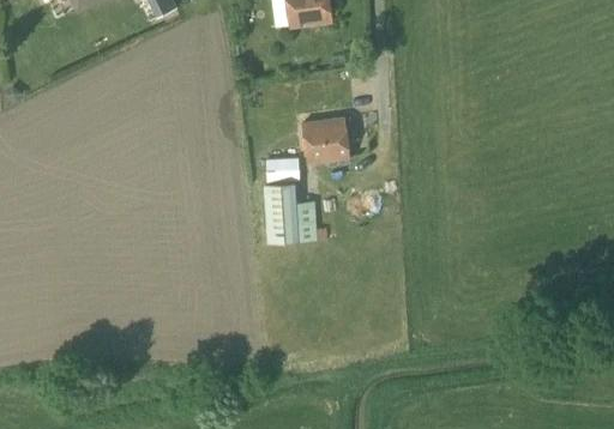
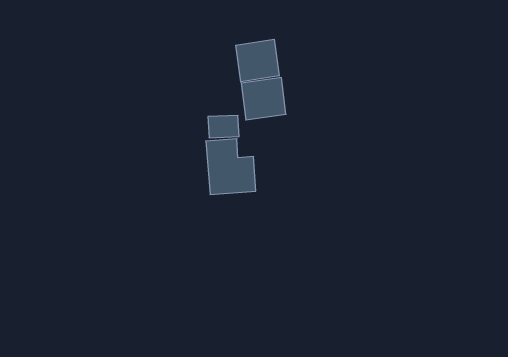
building: none -> [236,39,279,82]

